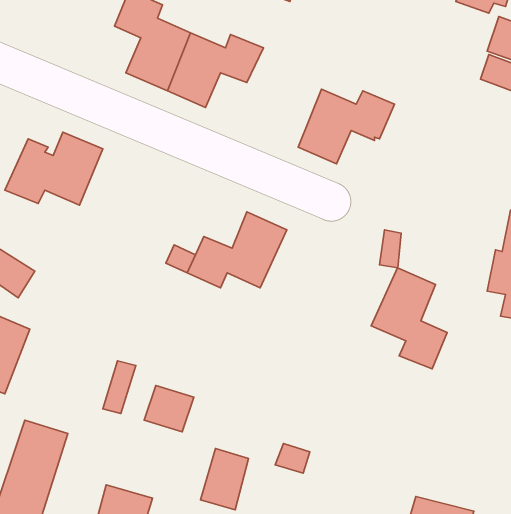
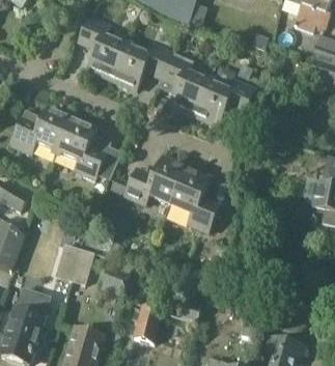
building: none -> [158,53,208,115]
building: none -> [57,116,121,179]
building: [371,268,447,369] -> [170,167,218,230]
building: none -> [54,244,81,279]

